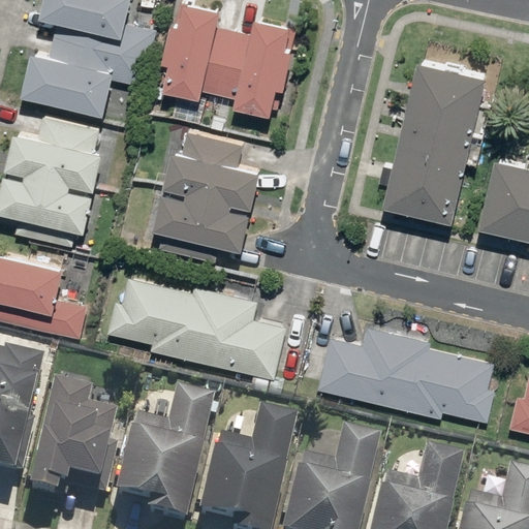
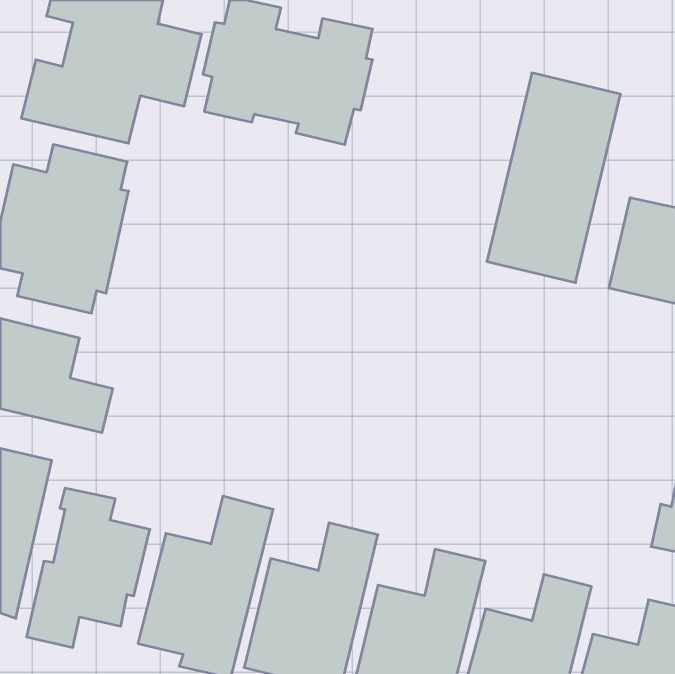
building: [152,131,260,261] -> none
building: [108,278,288,380] -> none
building: [318,328,497,424] -> none

